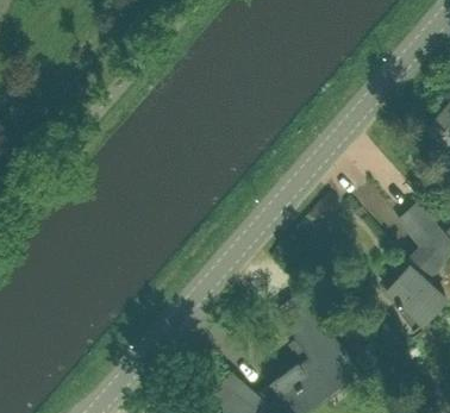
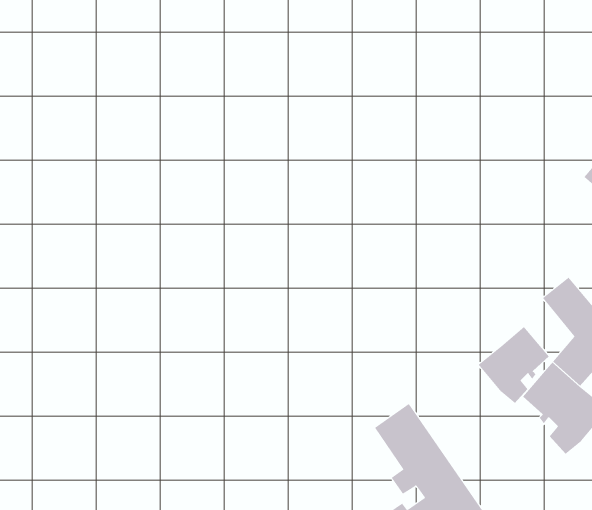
building: none -> [478,326,549,404]

